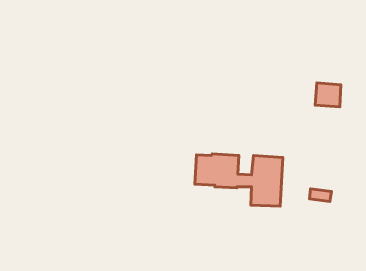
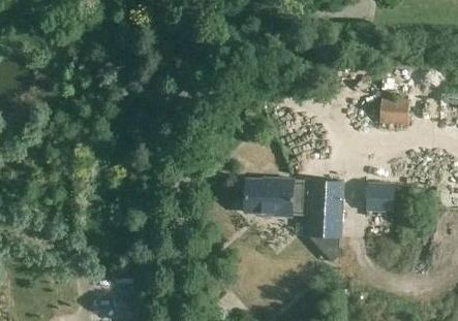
building: none -> [367,183,395,211]

